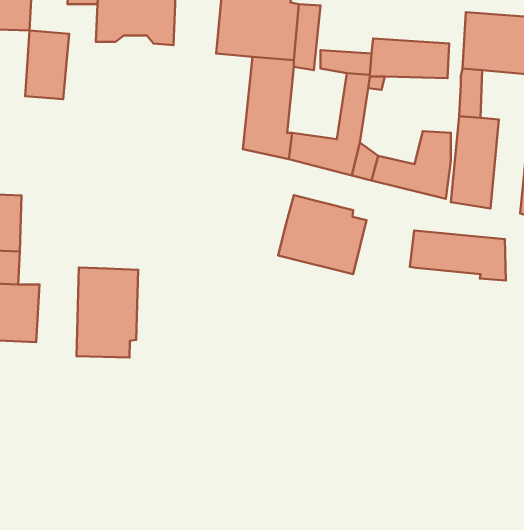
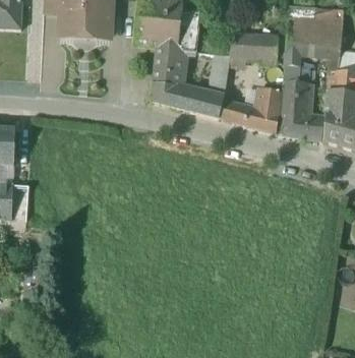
building: [25,30,69,99] -> none
building: [278,195,367,274] -> none
building: [410,231,506,281] -> none
building: [77,268,138,357] -> none

